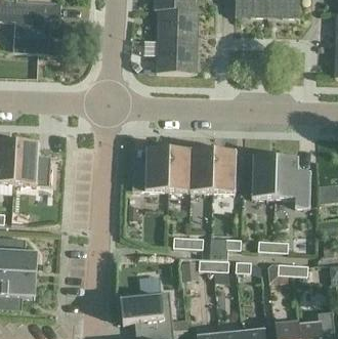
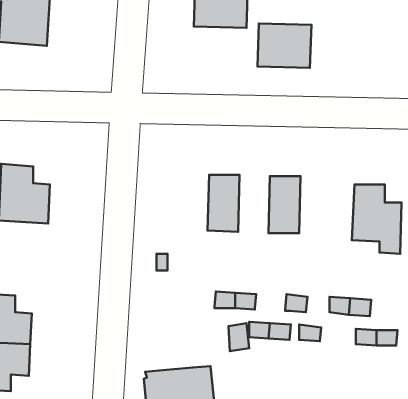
building: [156,40,196,73] -> [257,23,311,68]
building: [131,149,168,190] -> none
building: [189,150,213,193] -> none
building: [251,156,276,198] -> none

